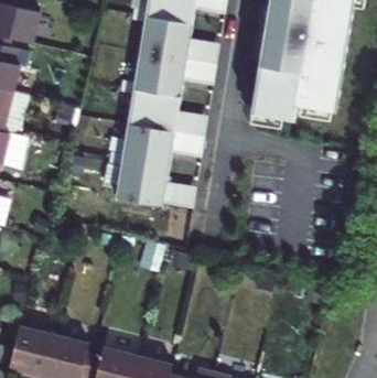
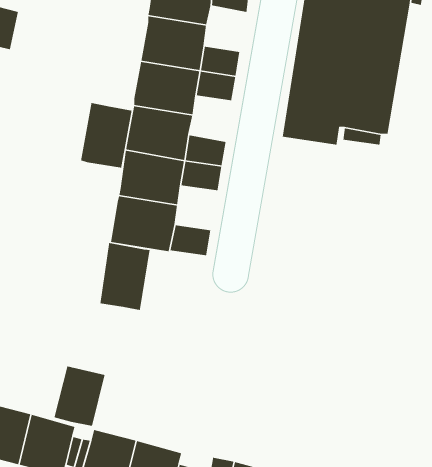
building: none -> [80,102,132,169]
building: none -> [100,242,151,311]
building: none -> [54,366,106,427]

